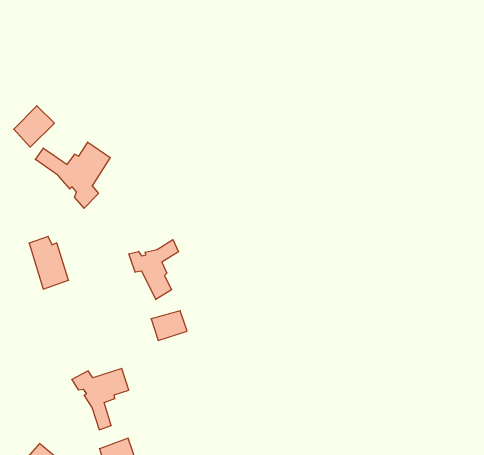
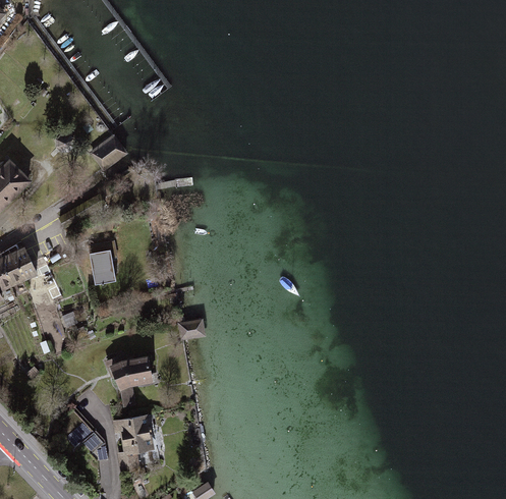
building: [35,142,110,208] -> none
building: [129,240,179,300] -> none

